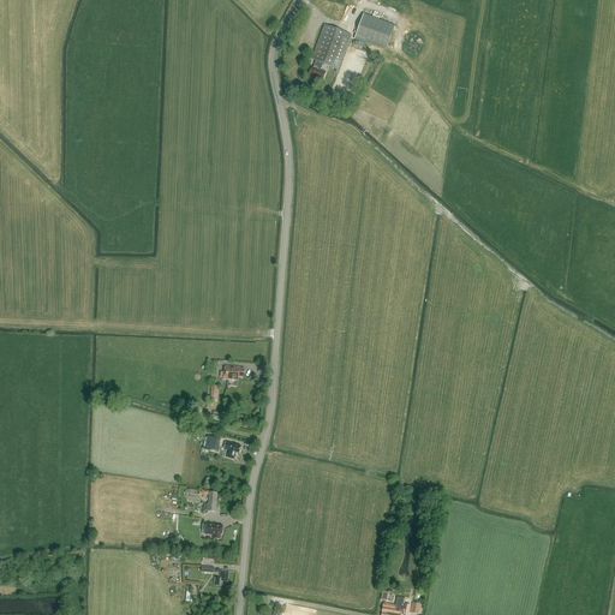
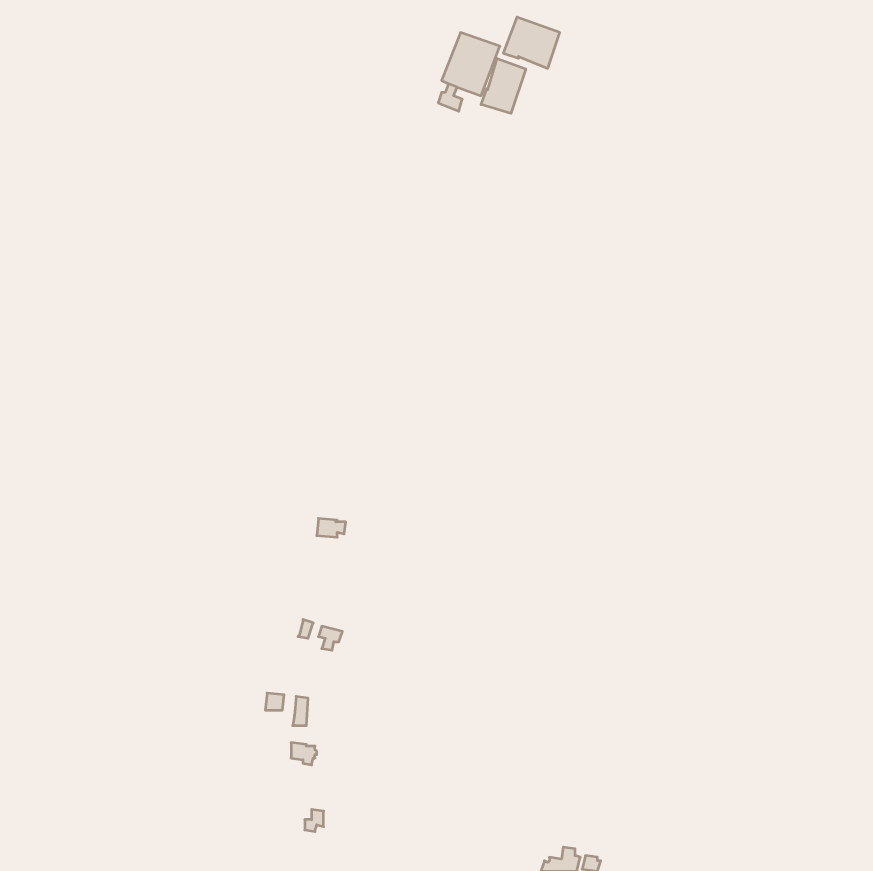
building: none -> [481,58,526,113]

